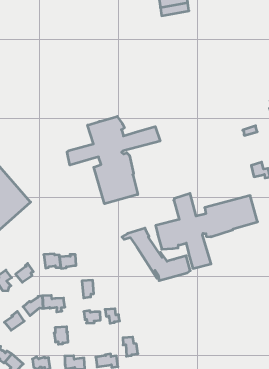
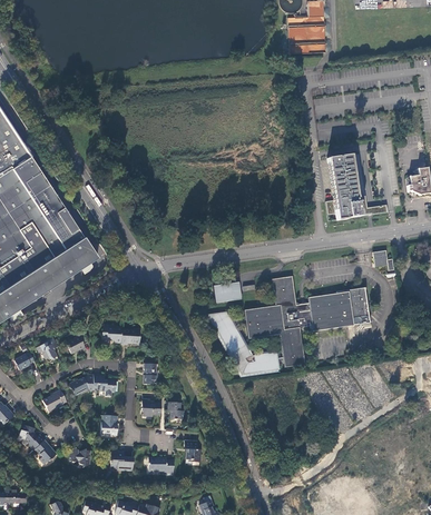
building: none -> [324,153,366,218]
building: [67,116,160,204] -> none
building: none -> [214,281,242,301]

